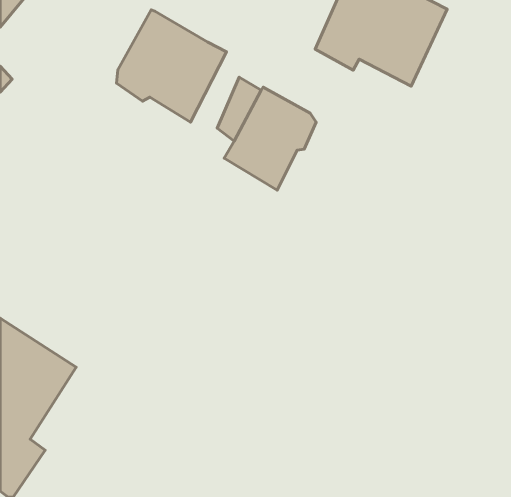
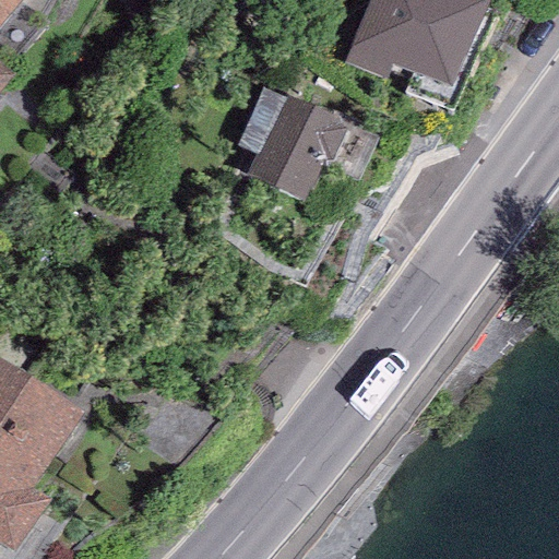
building: [117,10,227,122] -> none

